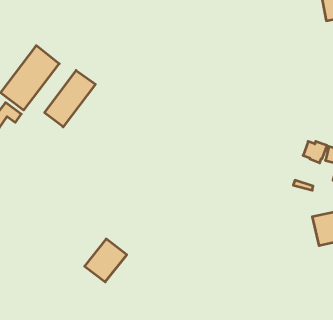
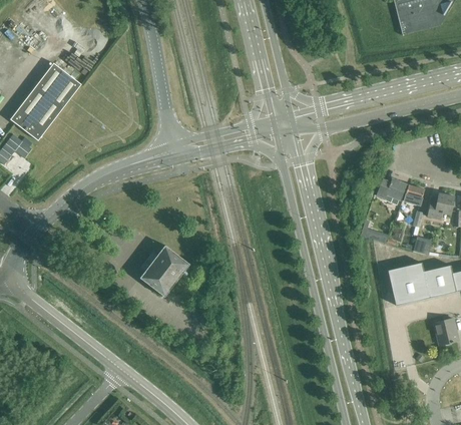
building: [45,70,95,127] -> none
building: [85,239,127,282] -> [139,245,190,297]

